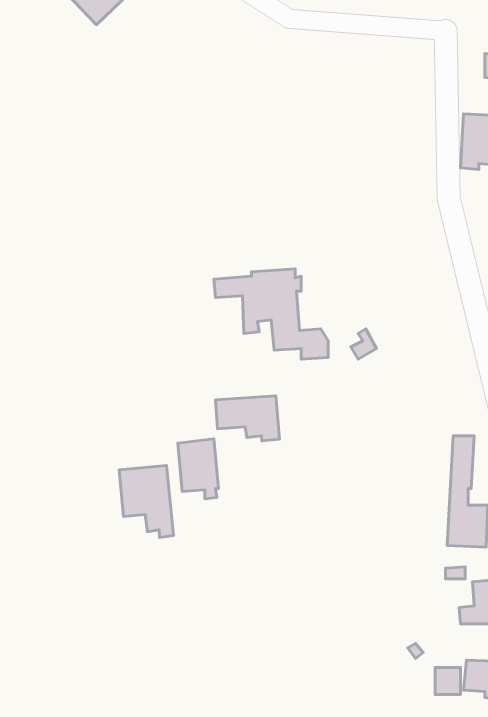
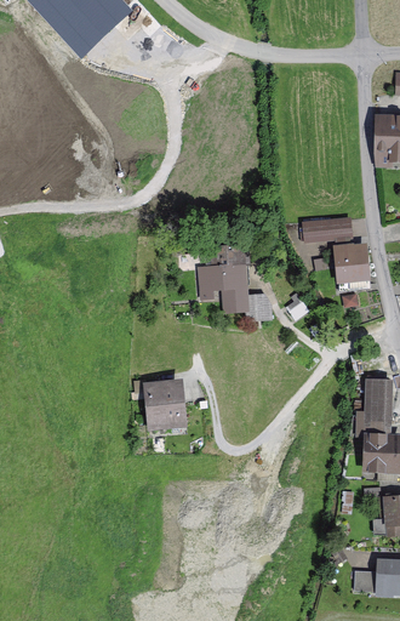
building: none -> [303,218,350,241]
building: none -> [338,245,368,290]
building: [216,396,279,441] -> none
building: [119,465,173,538] -> none

